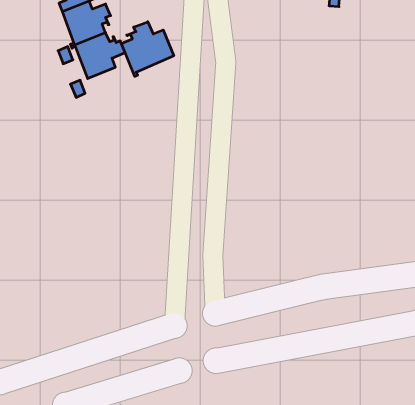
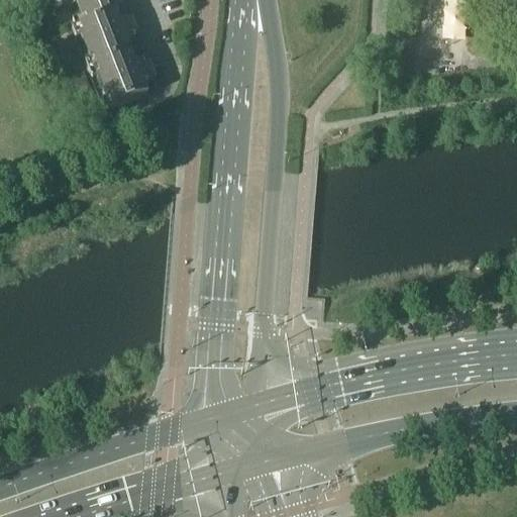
building: [122,22,174,76] -> none

